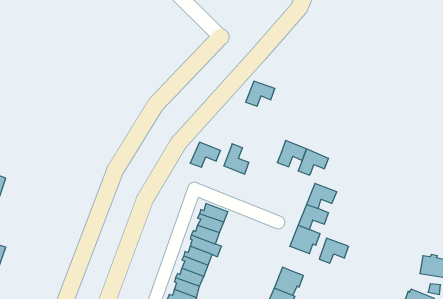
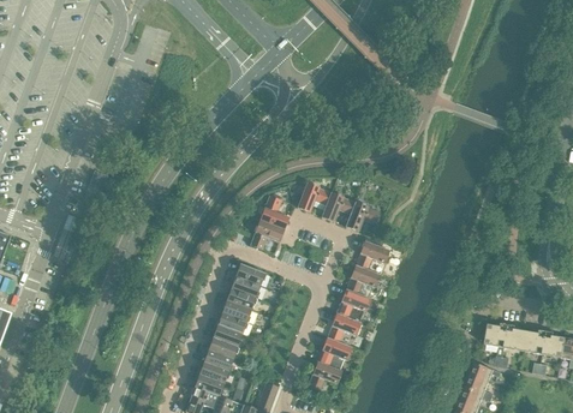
building: [246,81,275,106] -> [298,184,332,213]
building: [190,142,221,167] -> [250,221,285,250]
building: [319,238,349,263] -> [328,313,362,342]

